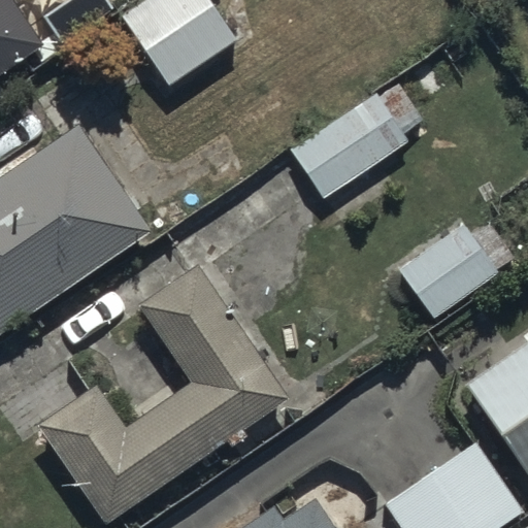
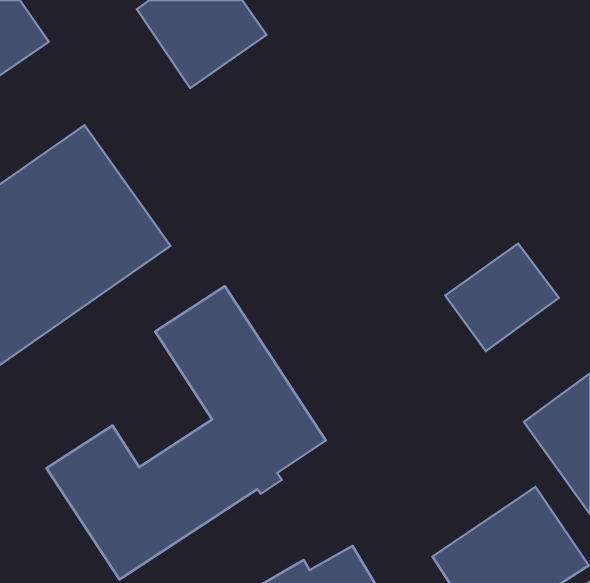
building: [289,95,423,201] -> none

